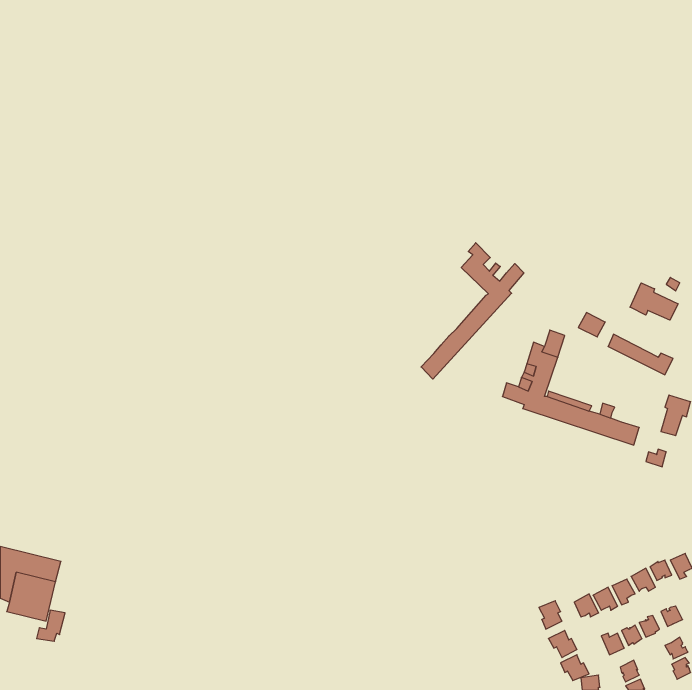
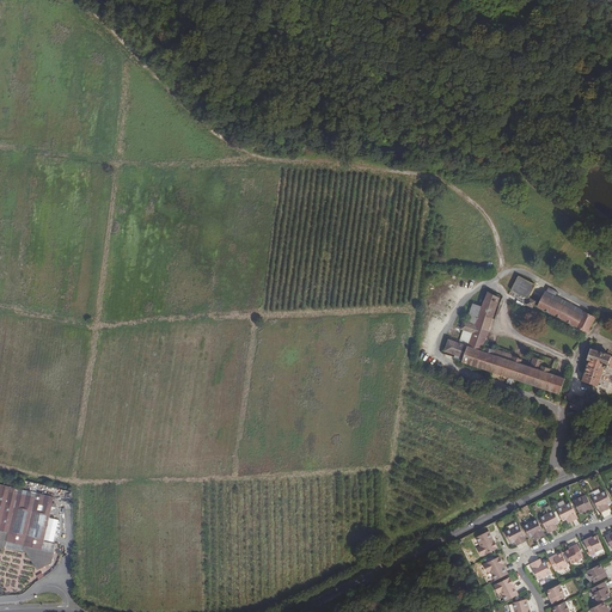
building: [421,243,524,379] -> none
building: [630,283,678,320] -> none

